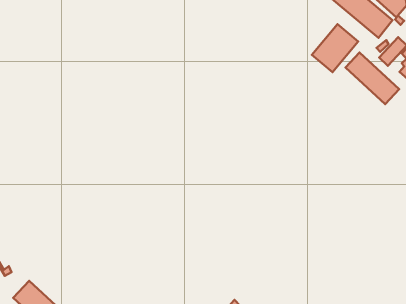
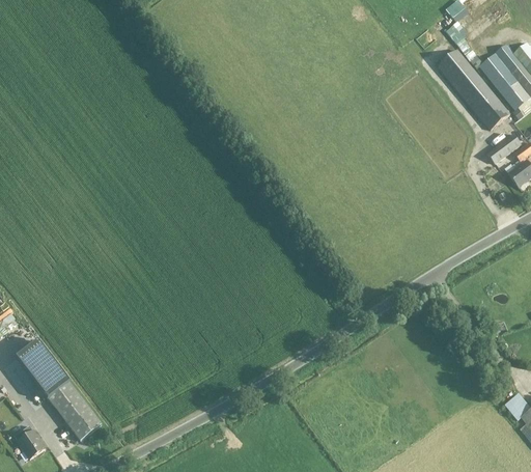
building: [312,24,358,72] -> none
building: [346,52,399,104] -> none

